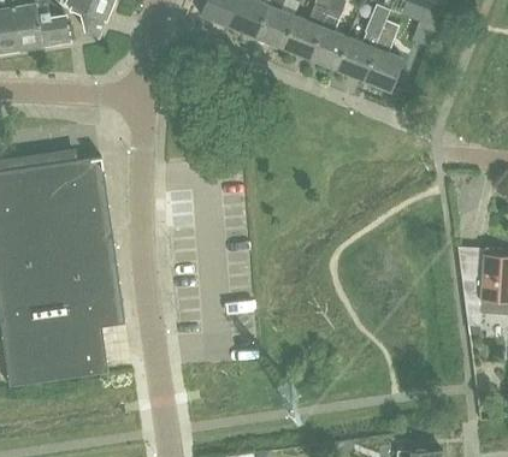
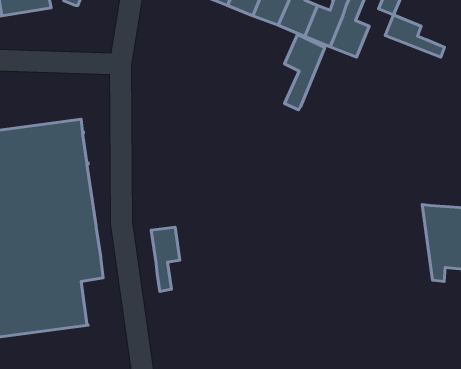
building: none -> [385,15,445,57]
building: none -> [284,35,325,110]
building: none -> [151,227,180,291]

